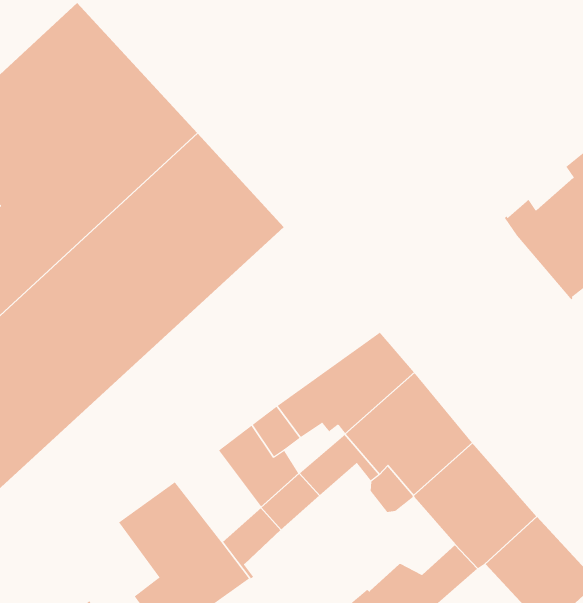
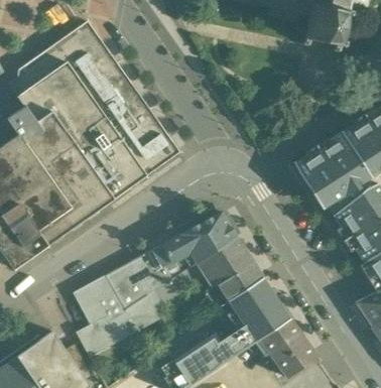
building: none -> [105,263,147,310]

